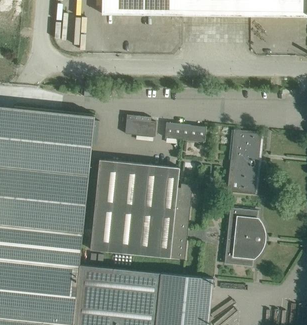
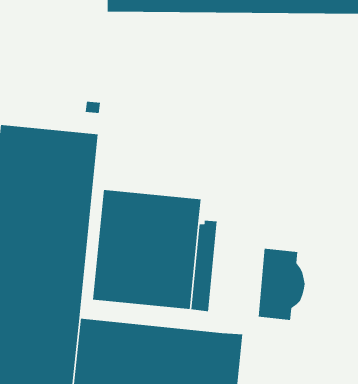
building: [123,115,154,137] -> none
building: [163,123,204,142] -> none
building: [225,130,260,195] -> none

